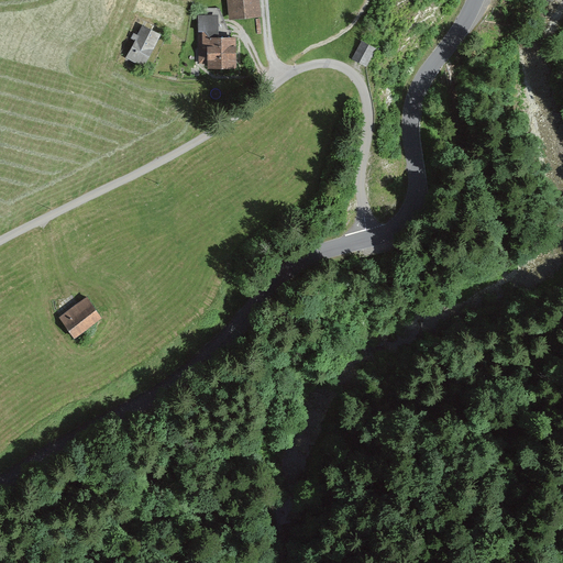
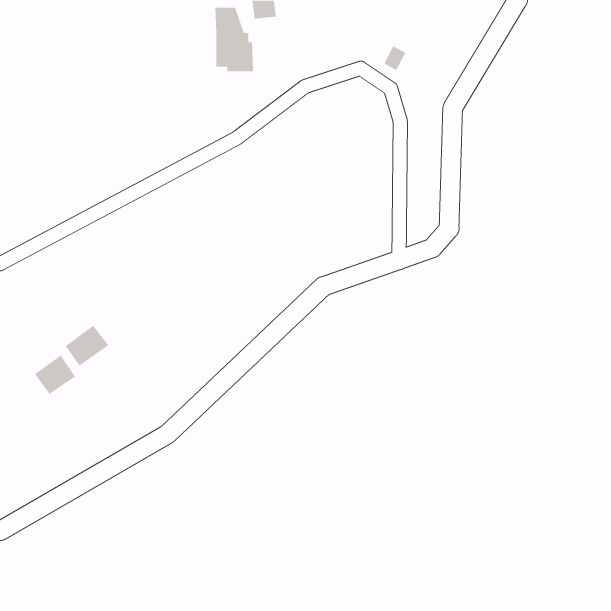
building: [126,26,158,65] -> none
building: none -> [34,355,76,395]

